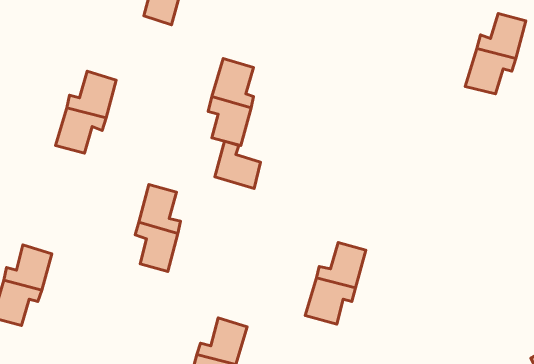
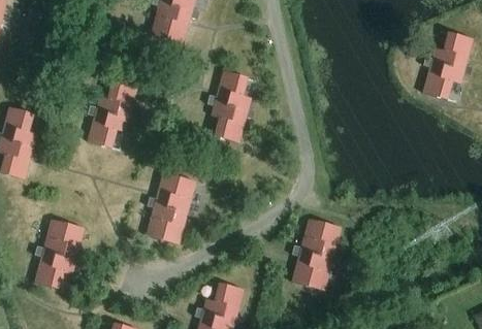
building: [215,141,261,188] -> none

